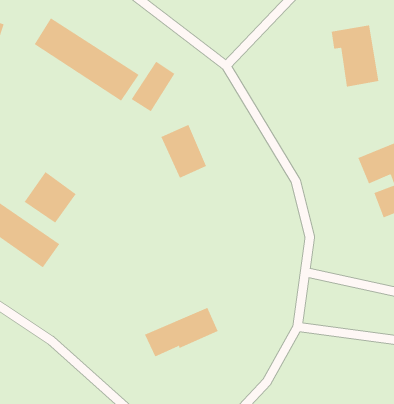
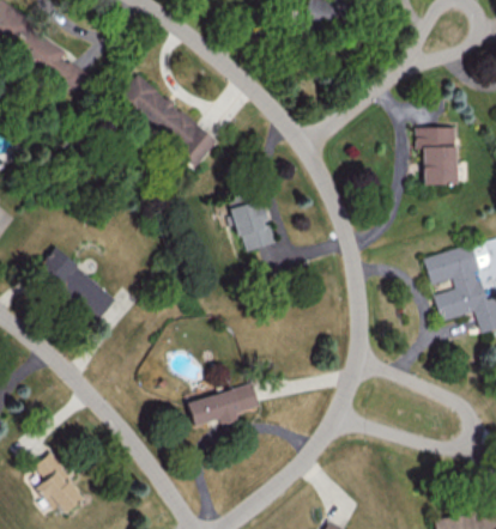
building: [131,61,175,112] -> none
building: [24,171,76,224] -> none

